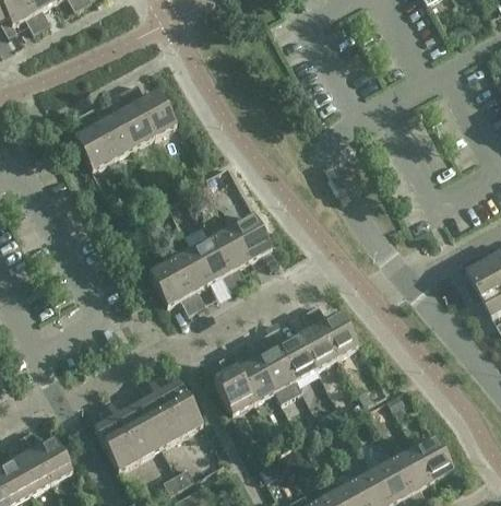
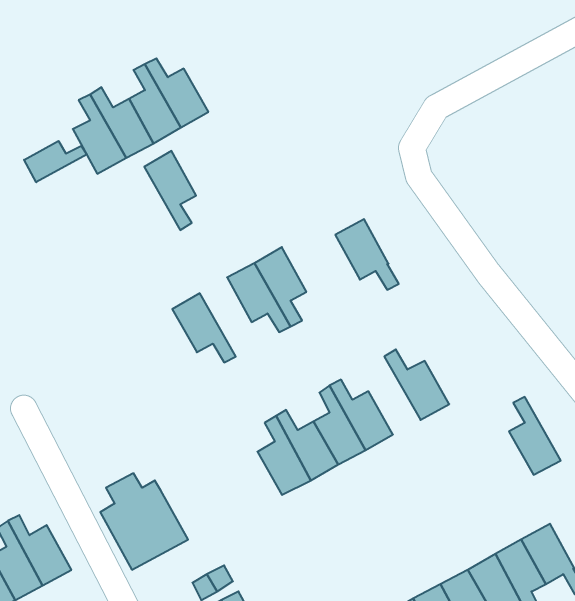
building: none -> [24,141,87,182]
building: [231,214,279,268] -> [335,219,399,290]
building: [169,249,208,309] -> [144,151,196,230]
building: [297,309,336,368] -> [509,397,561,475]
building: [135,375,202,448] -> none

